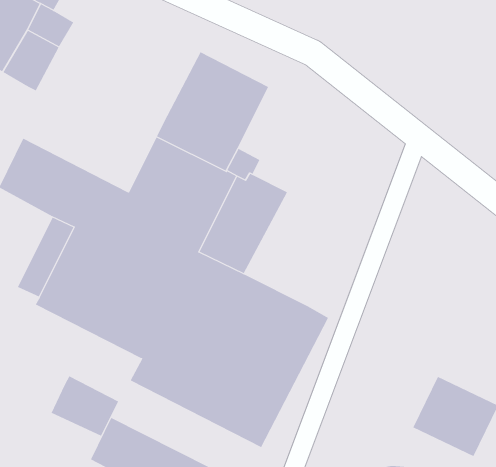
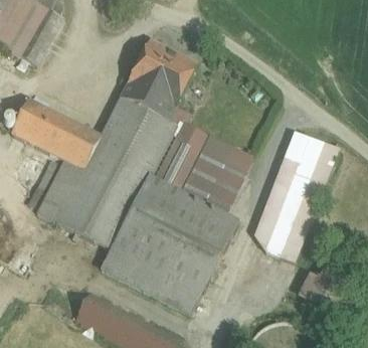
building: none -> [252,132,338,264]
building: none -> [179,136,251,214]
building: [51,375,119,436] -> none

